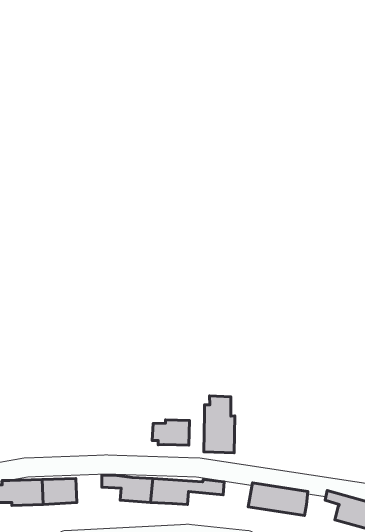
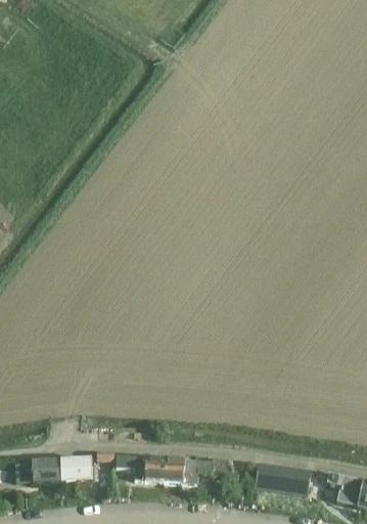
building: [204,396,235,453] -> none
building: [152,420,190,445] -> none

